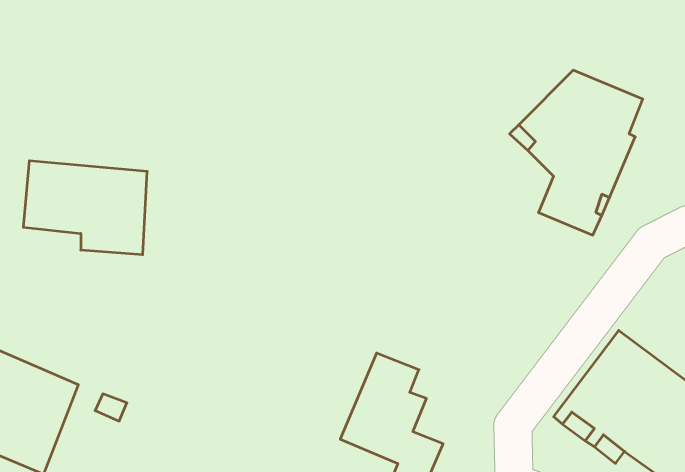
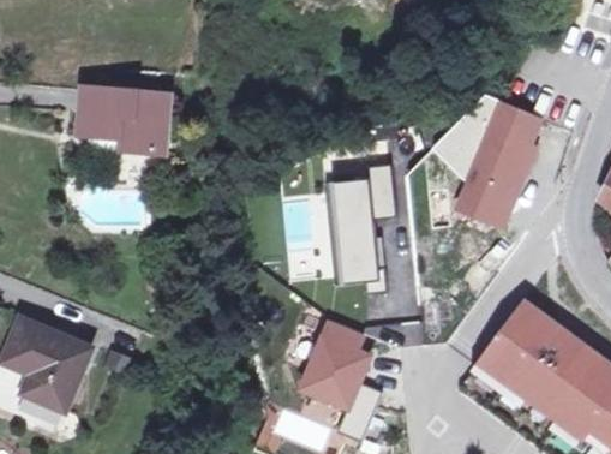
building: none -> [334,163,396,293]
building: [23,161,147,255] -> [72,83,170,157]

